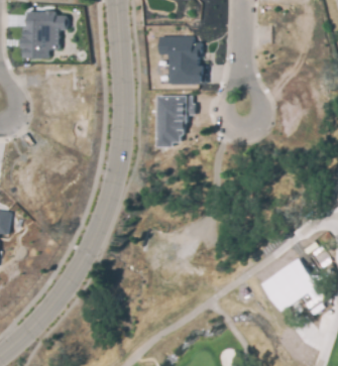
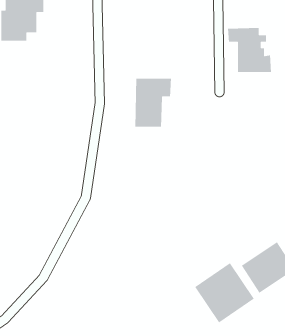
building: [159,36,204,82] -> [227,27,272,73]
building: none -> [194,262,255,324]

